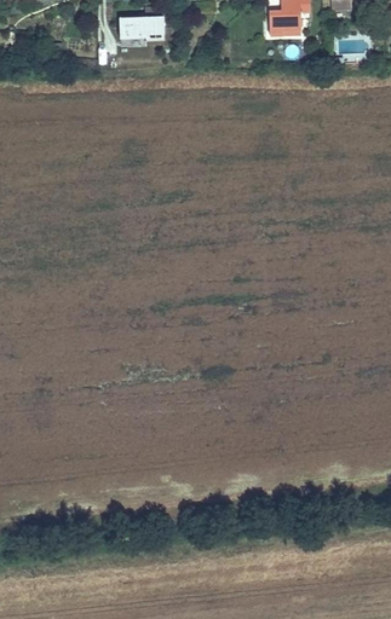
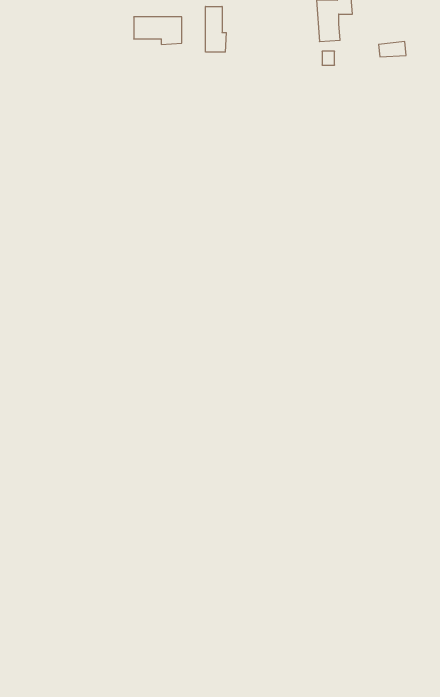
building: none -> [206,6,226,52]

